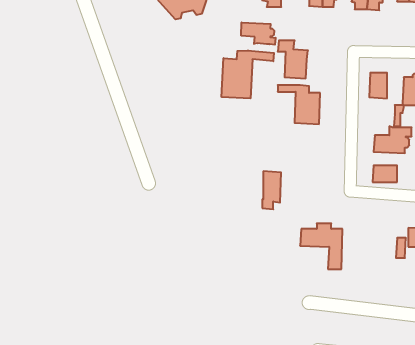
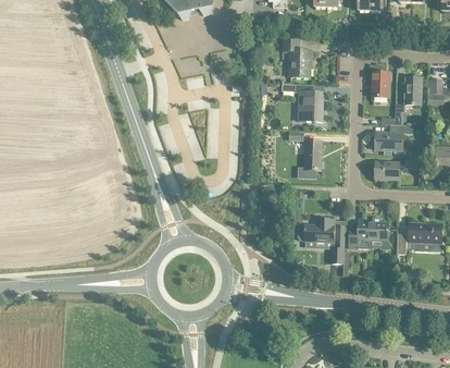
building: [241,22,276,45] -> none
building: [222,50,274,98] -> none
building: [262,171,281,209] -> [303,139,322,176]
building: none -> [349,218,388,247]

